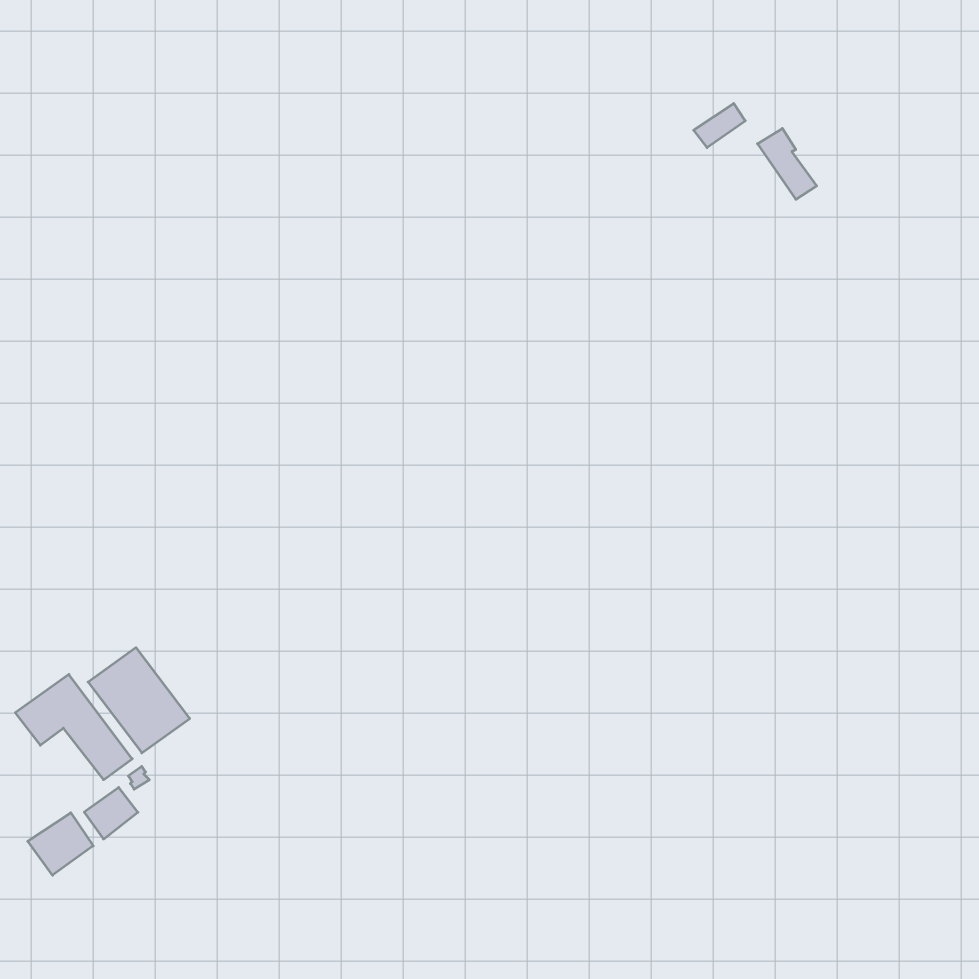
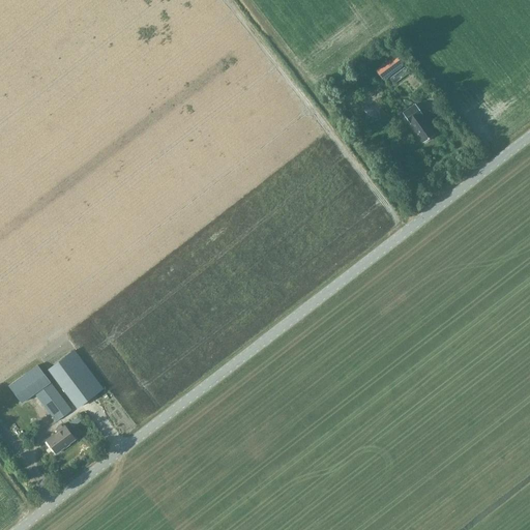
building: [757,128,817,199] -> [402,105,434,143]
building: [28,813,93,875] -> none

